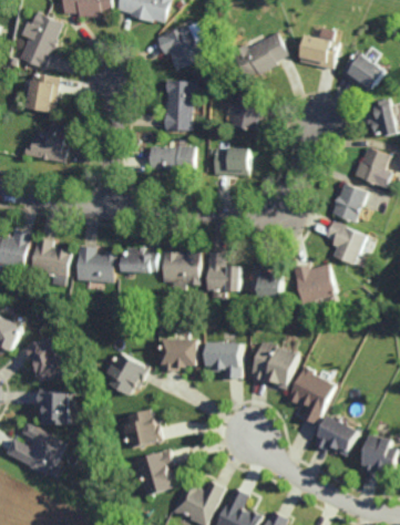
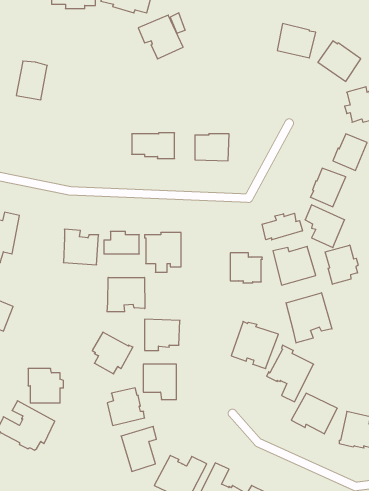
building: [19,13,61,69] -> none
building: [227,33,285,79] -> none
building: [161,79,193,130] -> none
building: [228,93,259,130] -> none
building: [23,121,71,163] -> none
building: none -> [262,213,302,240]
building: [29,238,70,277] -> none
building: [206,253,238,291] -> none
building: none -> [325,245,358,284]
building: none -> [107,277,145,312]
building: none -> [286,293,332,343]
building: [27,337,65,383] -> none
building: [205,342,239,379] -> [143,364,176,400]

